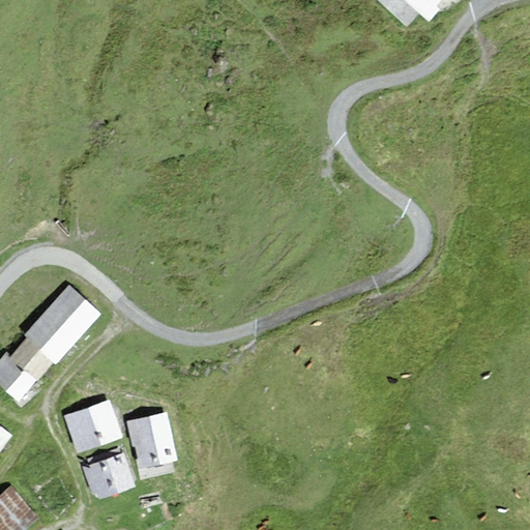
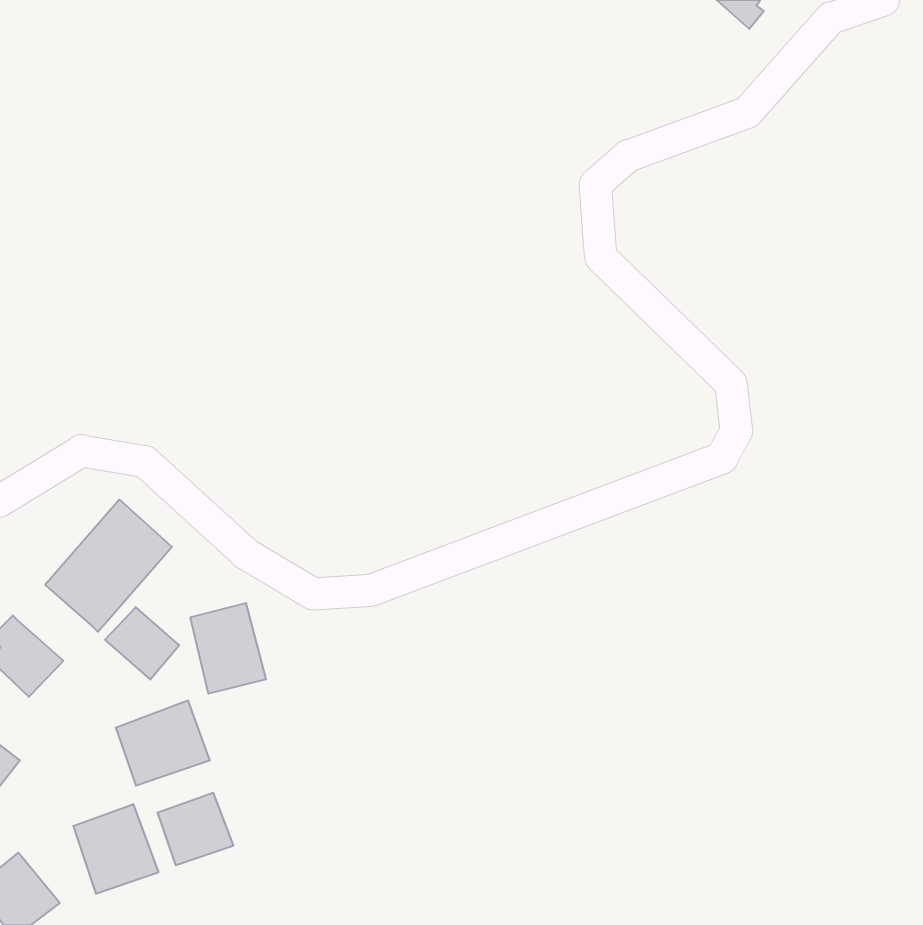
building: [10,336,53,378] -> [105,607,179,680]
building: [131,413,175,465] -> [190,603,266,694]
building: none -> [73,804,158,894]

